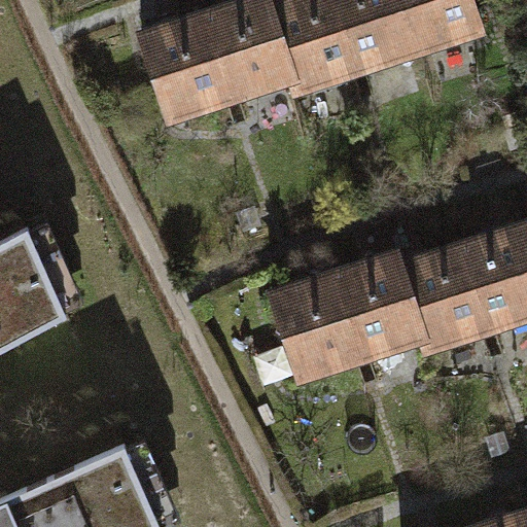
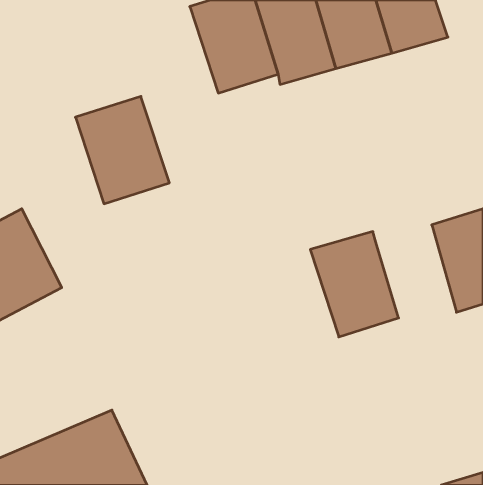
building: [135,7,237,124] -> [75,96,169,204]
building: [408,244,495,356] -> none
building: [266,271,367,388] -> none

